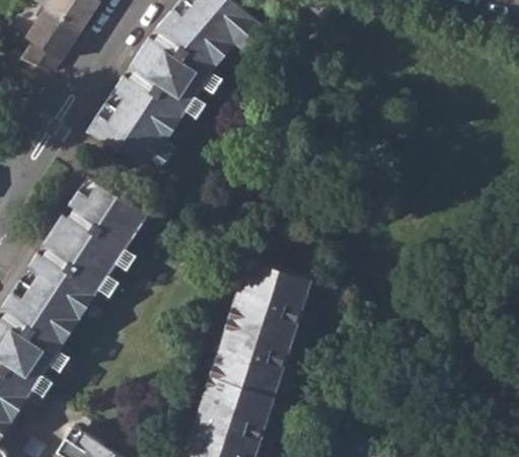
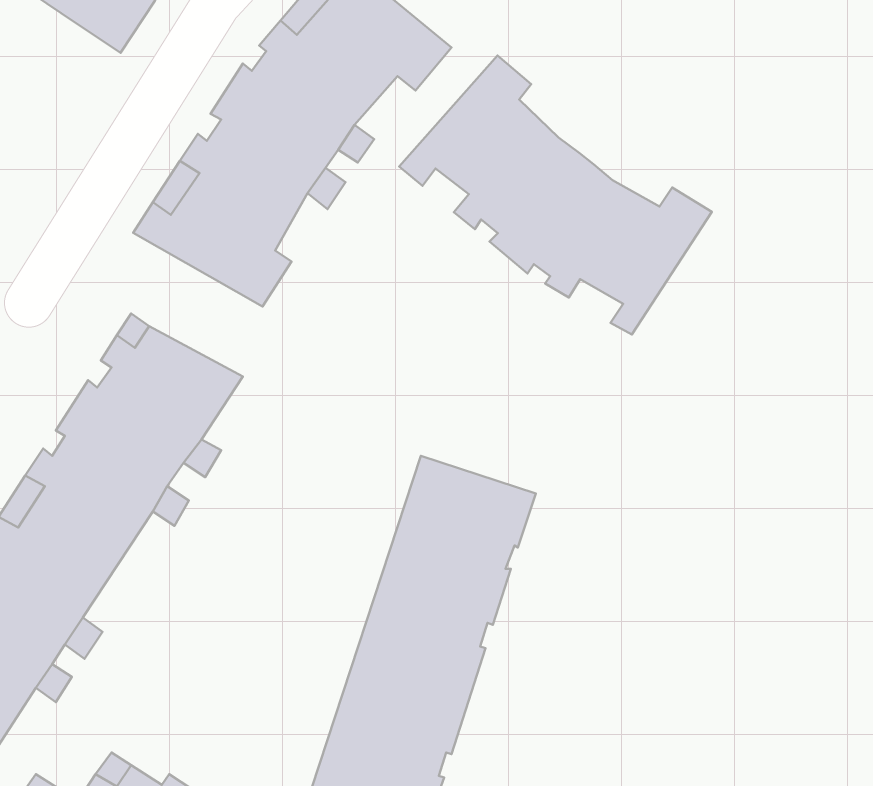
building: [19,9,78,73] -> none
building: none -> [399,56,712,334]

